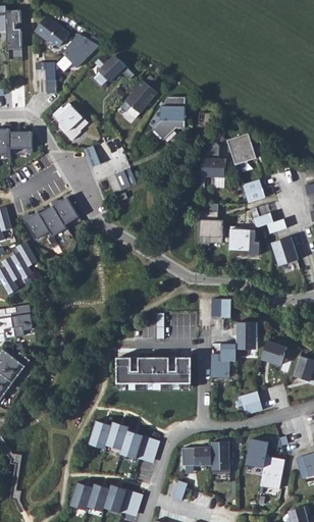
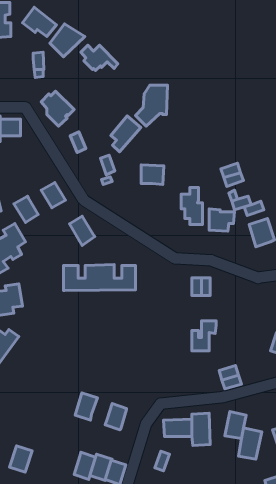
building: [125,81,157,118] -> [111,116,141,152]
building: [227,133,263,164] -> none
building: [202,157,225,177] -> [141,165,164,184]
building: [40,207,66,238] -> [70,216,95,245]
building: [237,322,257,349] -> none
building: [261,341,286,365] -> none
building: [116,356,192,383] -> [64,264,136,291]
building: [106,420,128,447] -> none
building: [137,436,159,462] -> none
building: [70,480,94,508] -> [10,446,32,472]

